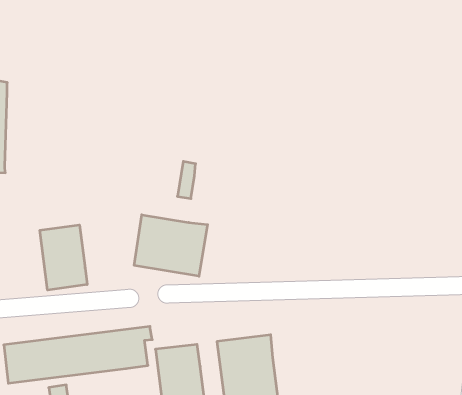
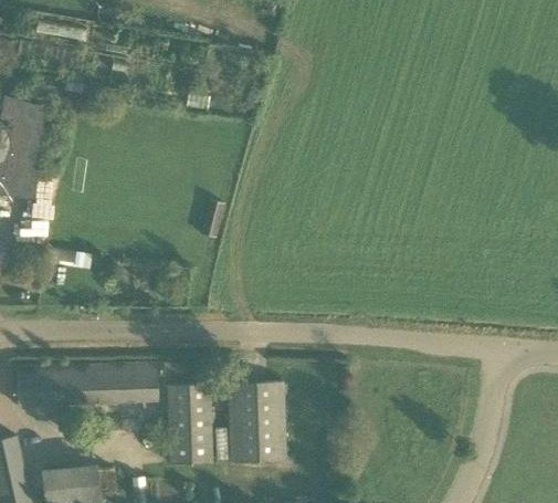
building: [134,215,208,276] -> none
building: [40,225,87,290] -> none

